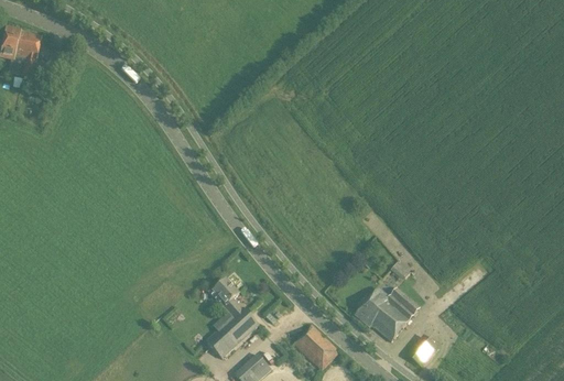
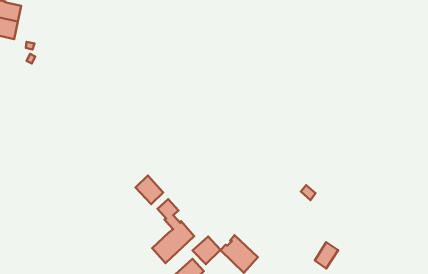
building: none -> [135,175,163,204]
building: [354,287,417,341] -> none
building: none -> [193,236,221,264]

